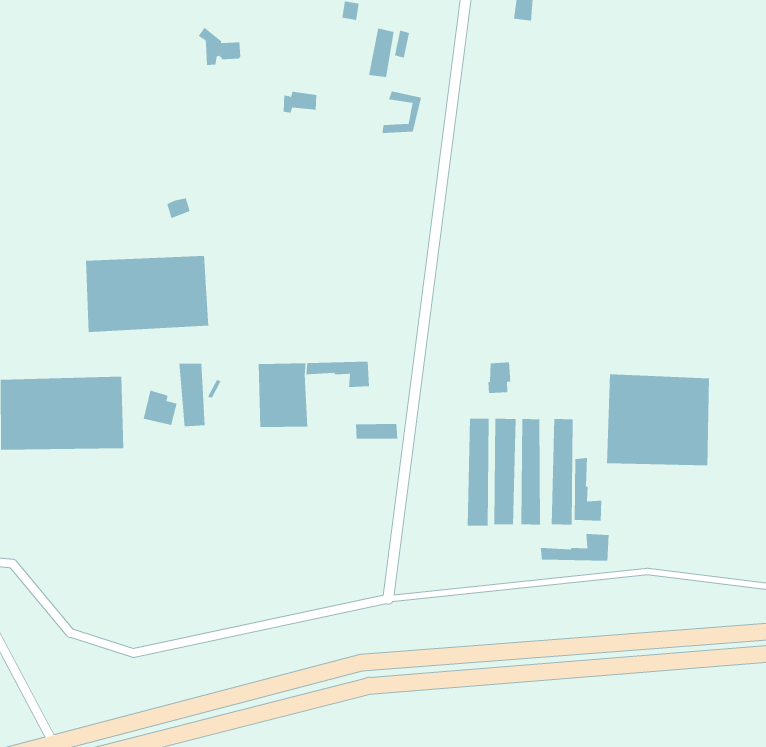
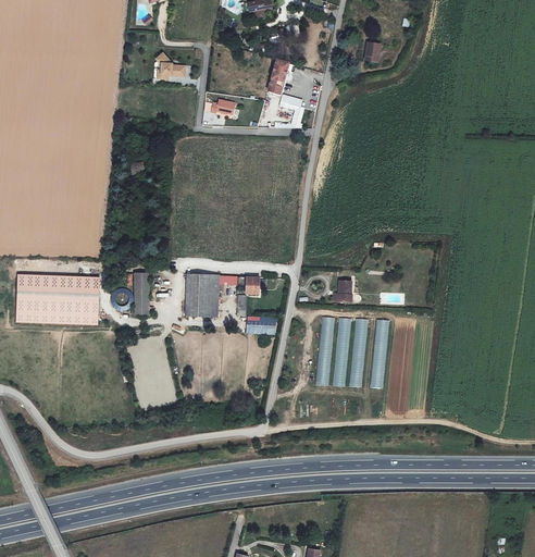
building: [85,255,209,333] -> none
building: [606,373,710,466] -> none
building: [574,457,602,522] -> none
building: [540,533,609,562] -> none

